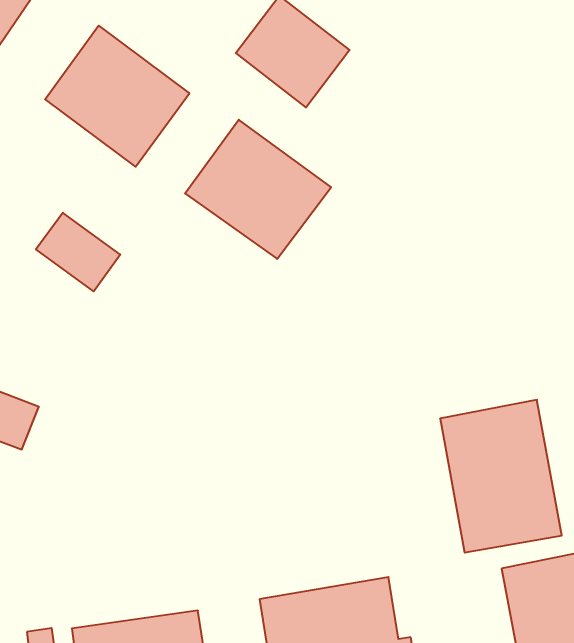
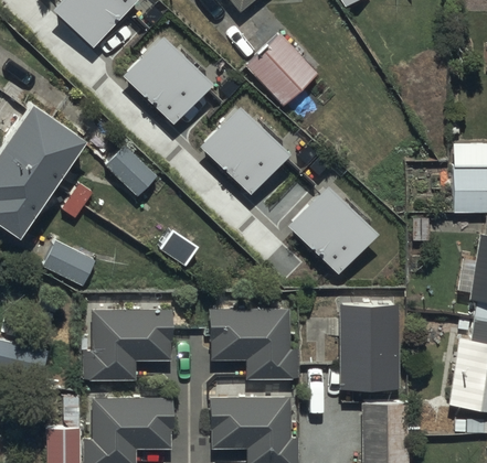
building: none -> [290,186,380,276]
building: none -> [209,309,296,378]
building: none -> [83,310,172,383]

